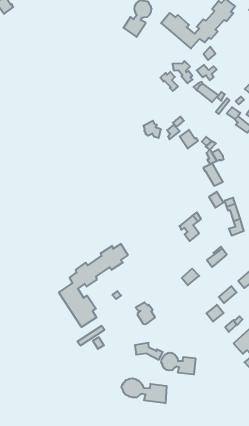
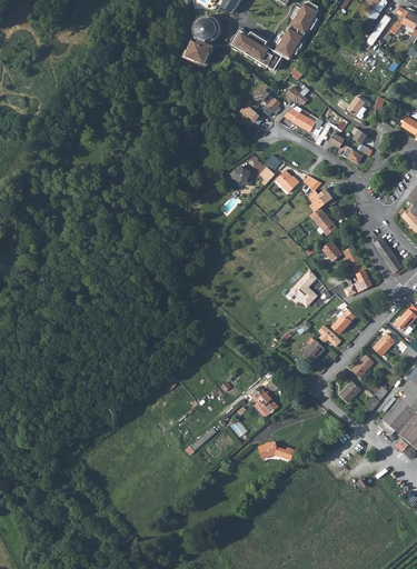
building: [59,244,128,327] -> none
building: [161,353,195,375] -> none
building: [122,378,167,403] -> none

